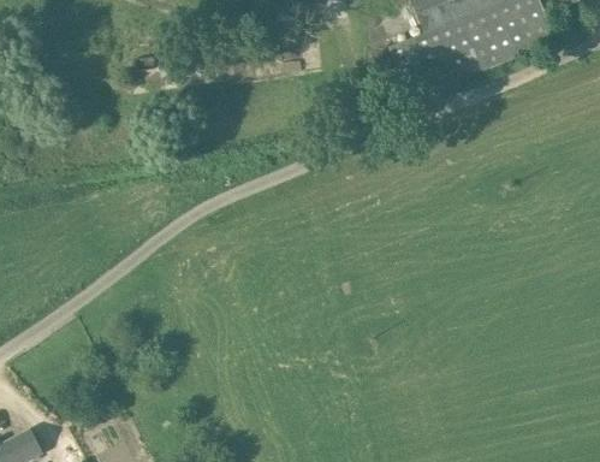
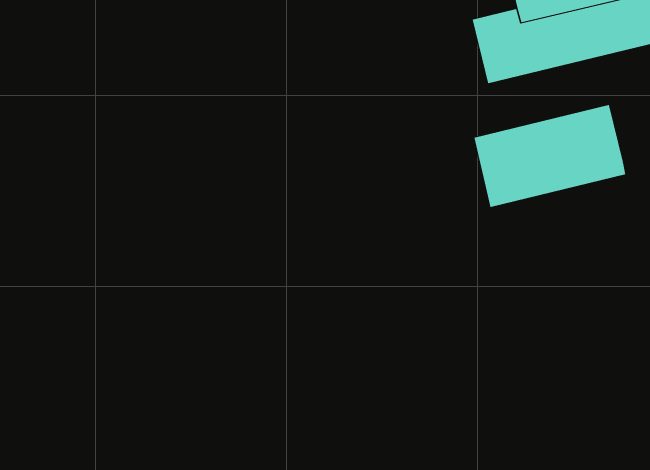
building: none -> [474,104,626,208]

